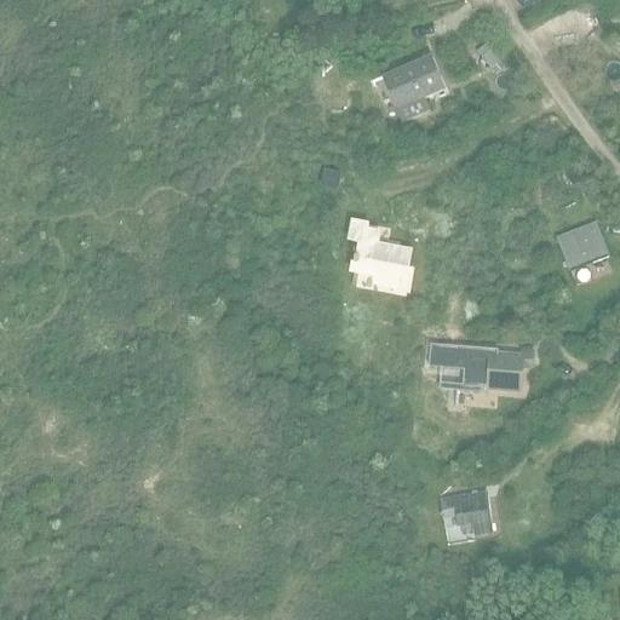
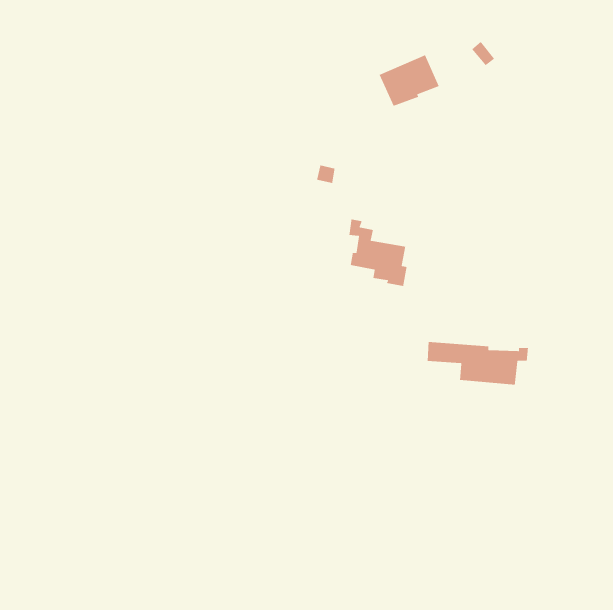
building: [557,222,608,265] -> none
building: [444,492,492,532] -> none

